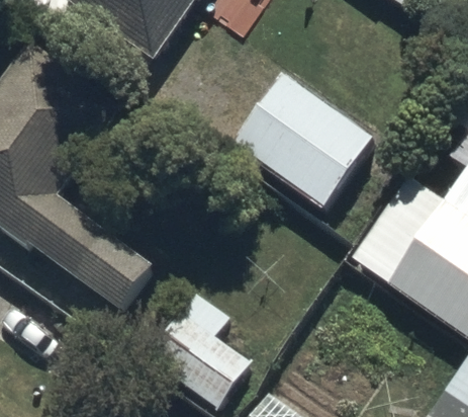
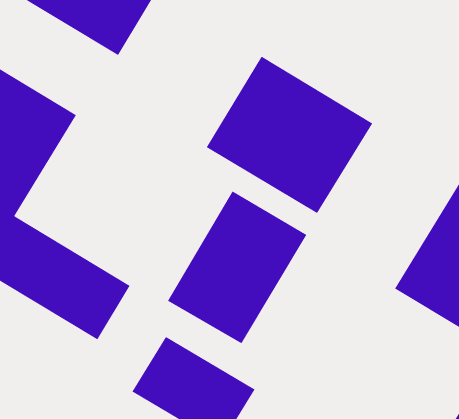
building: none -> [167,190,307,344]

